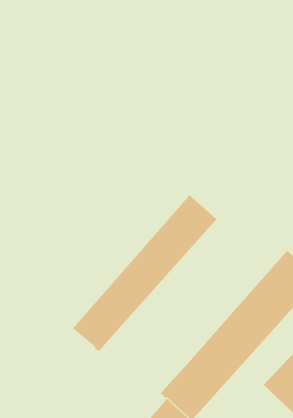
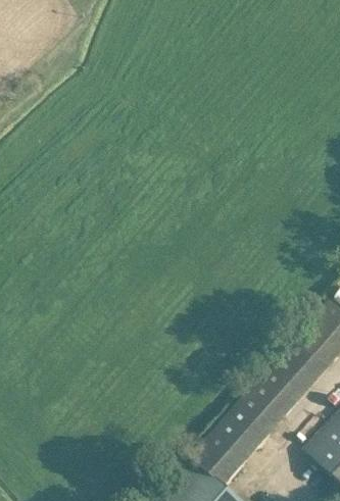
building: [72,195,217,352] -> none

